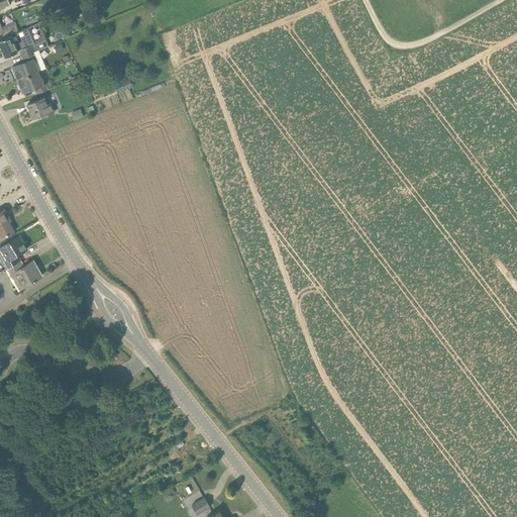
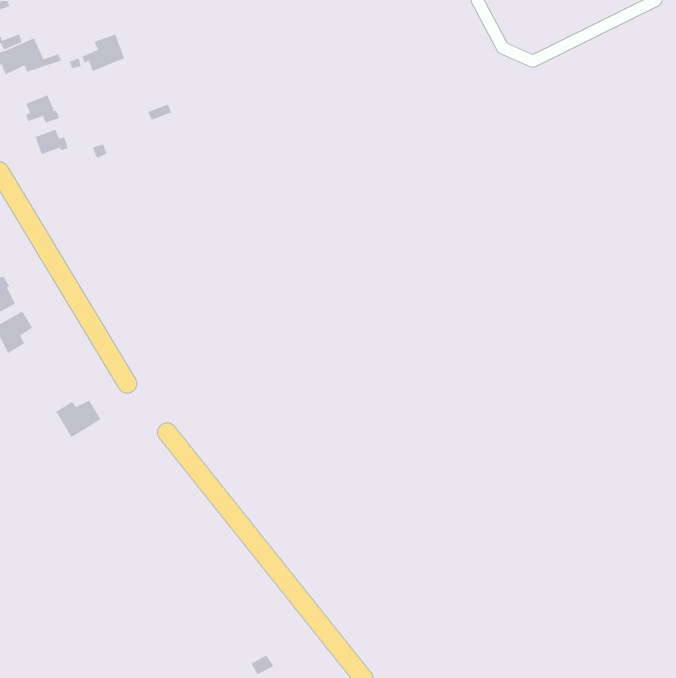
building: [11,49,44,79] -> [81,34,125,72]
building: [6,261,41,290] -> [55,400,101,438]

